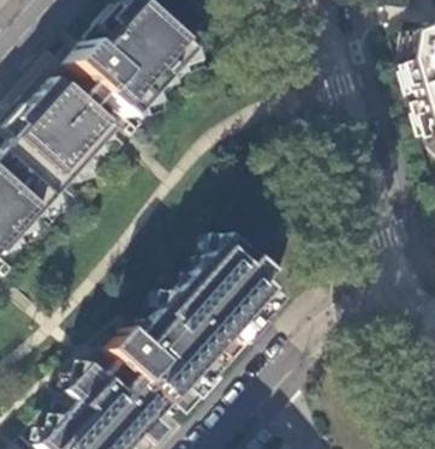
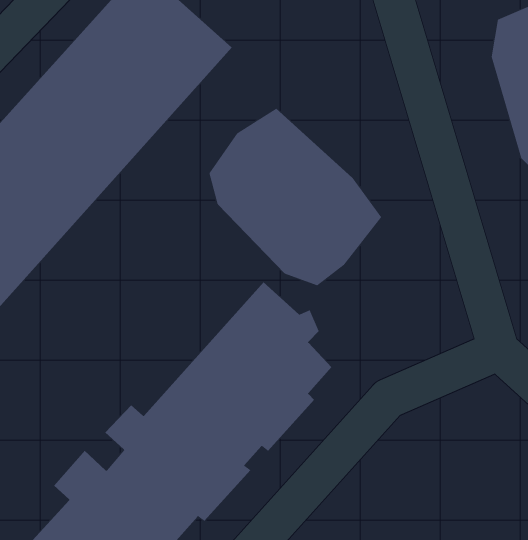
building: none -> [209,108,382,286]

